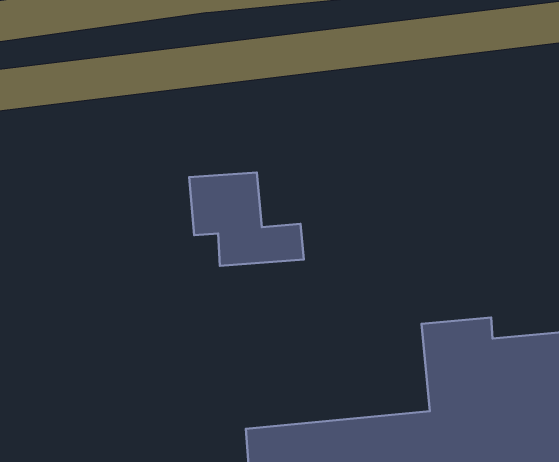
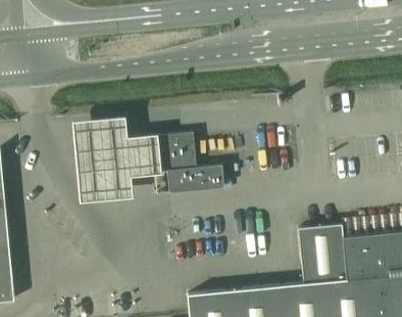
building: none -> [74,117,155,202]

